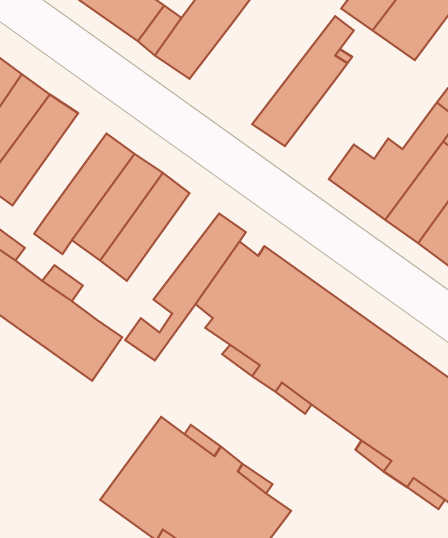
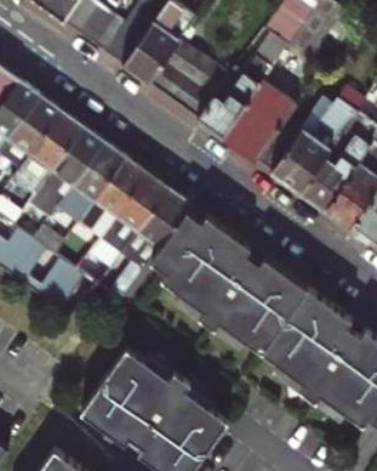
building: none -> [148,42,228,119]
building: none -> [222,81,297,161]
building: none -> [11,110,84,193]
building: none -> [88,172,171,269]

